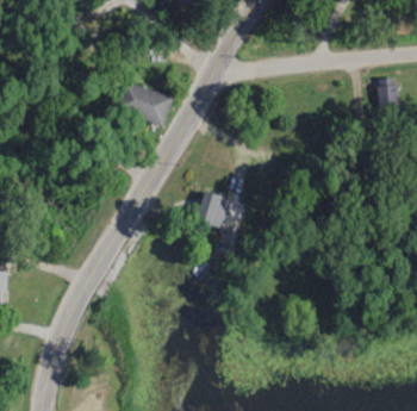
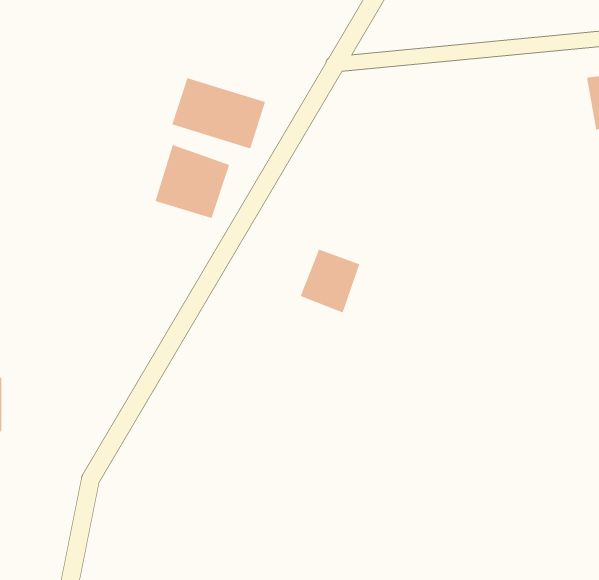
building: none -> [155,144,230,219]

